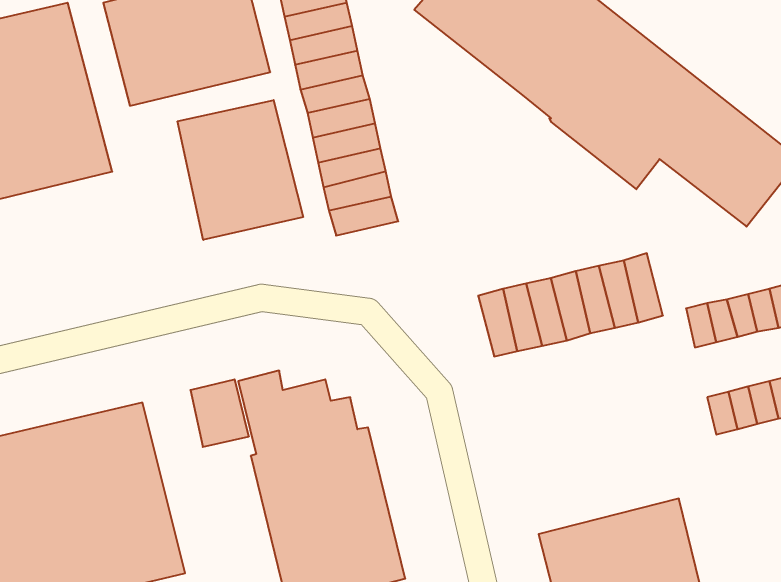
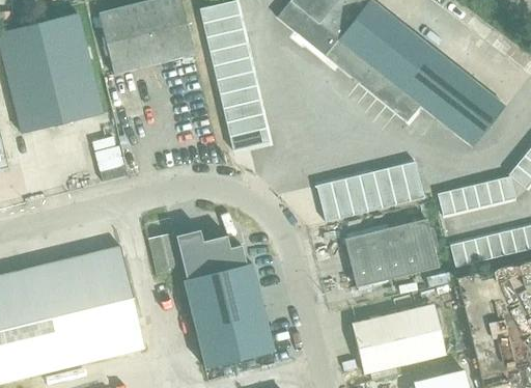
building: [178,100,303,240] -> none
building: none -> [343,218,438,287]

